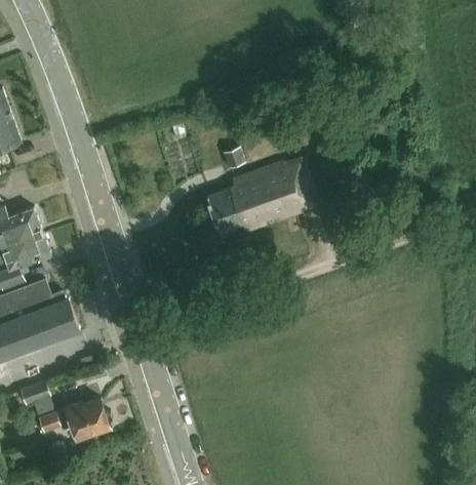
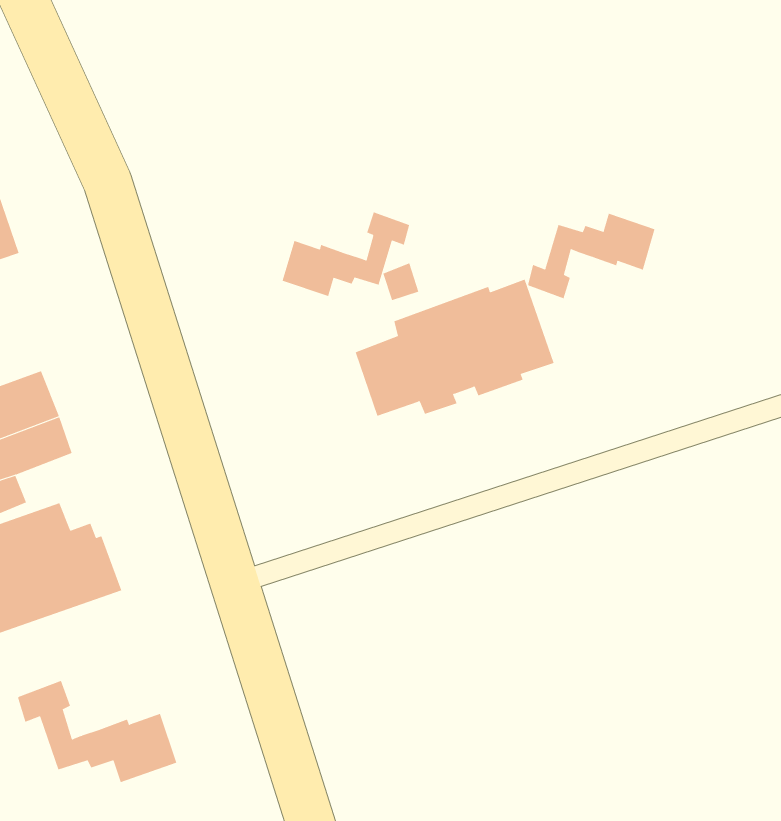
building: none -> [282,211,410,297]
building: none -> [528,213,655,299]

